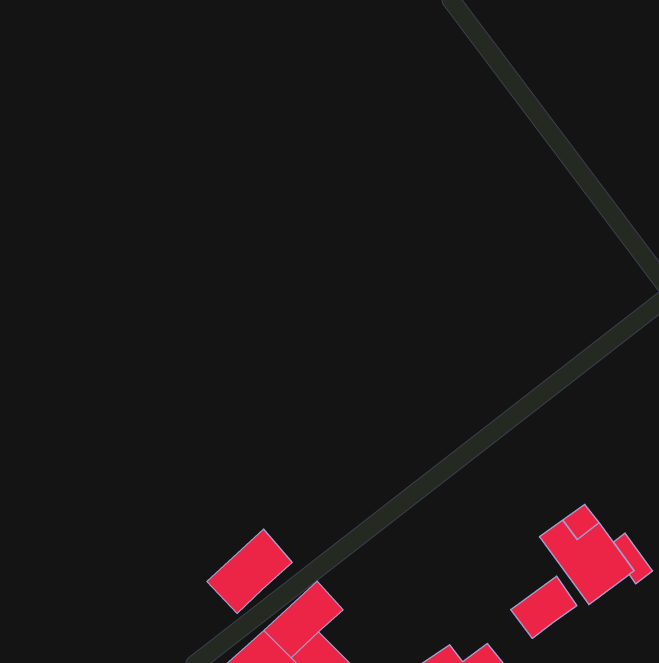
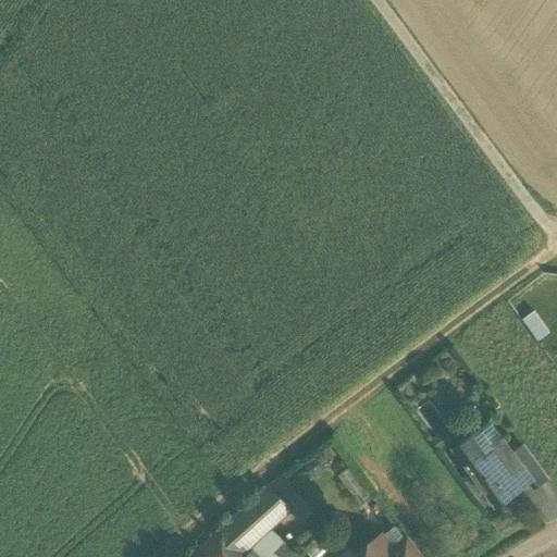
building: [207,529,292,613] -> none
building: [511,576,577,638] -> none

